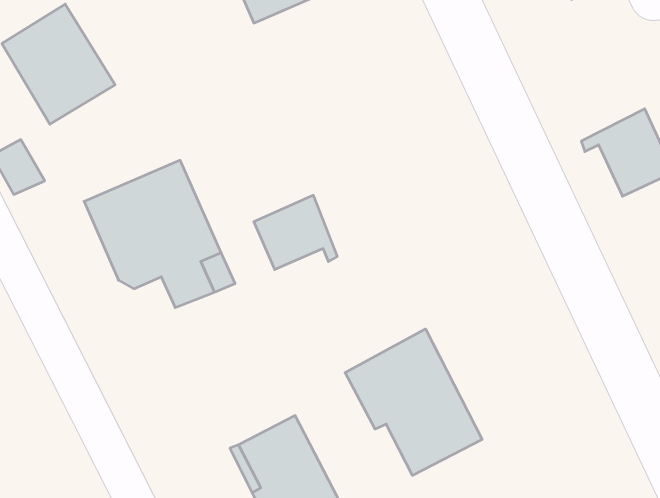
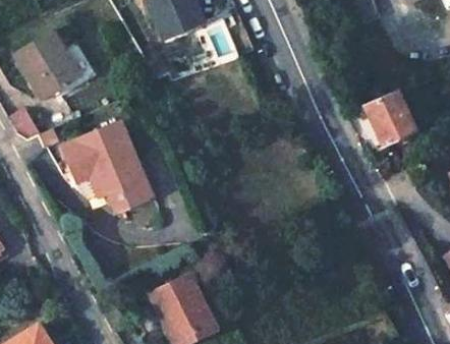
building: [254,195,337,270] -> none
building: [345,329,482,475] -> none

